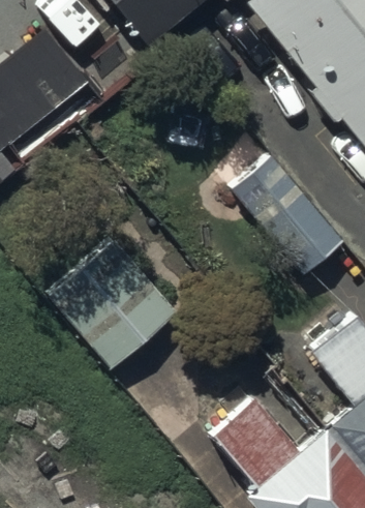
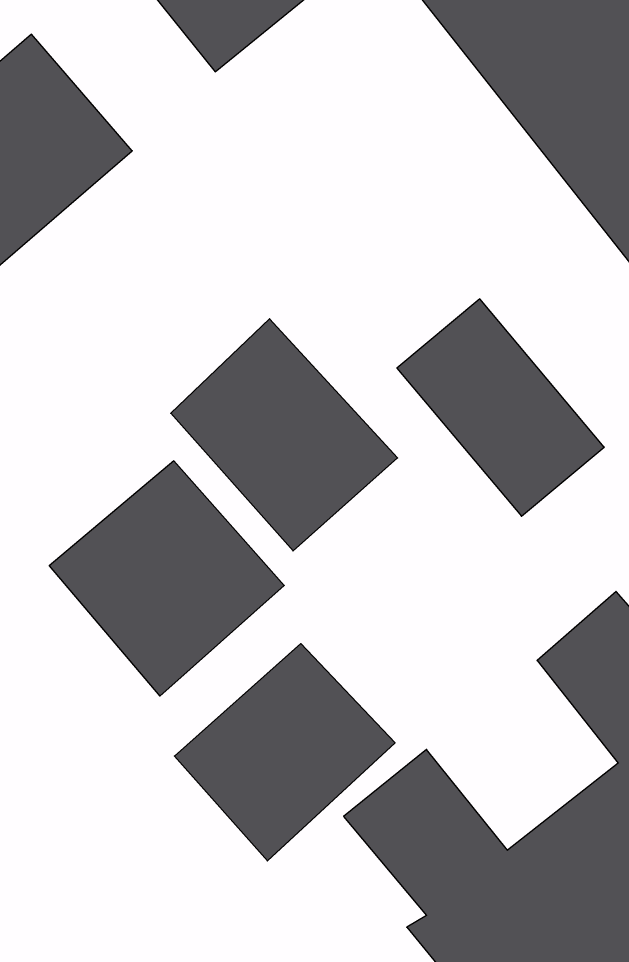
building: none -> [171,319,398,551]
building: none -> [174,644,395,861]

